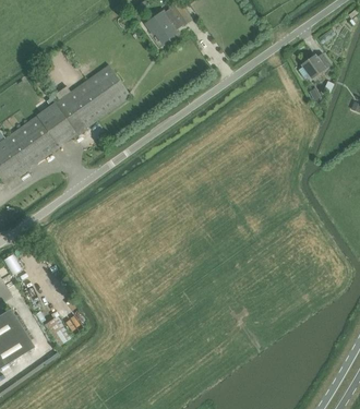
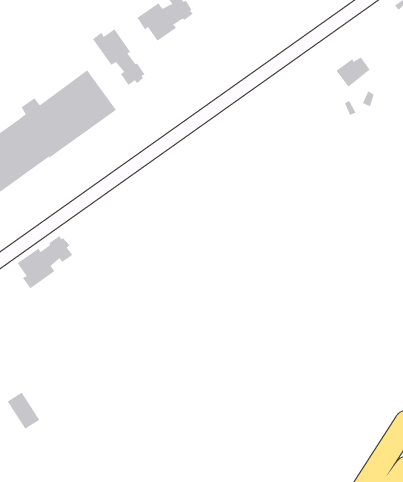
building: none -> [92,28,145,86]
building: none -> [17,235,73,289]

